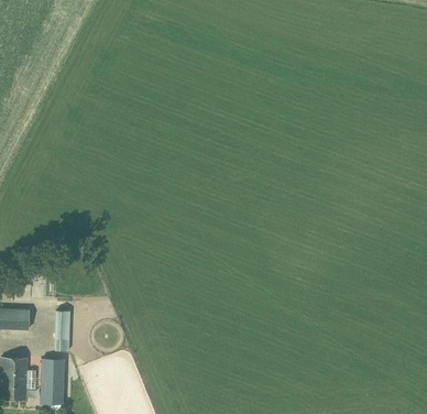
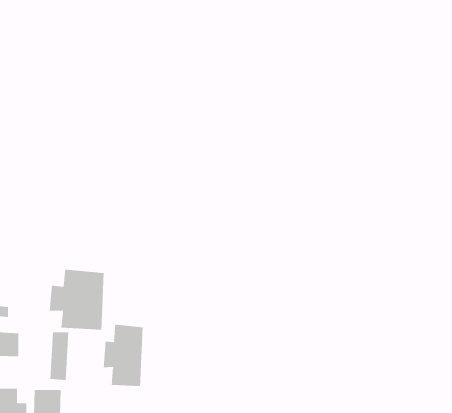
building: none -> [49,269,104,330]
building: none -> [103,324,143,387]

